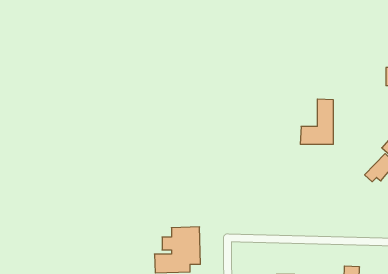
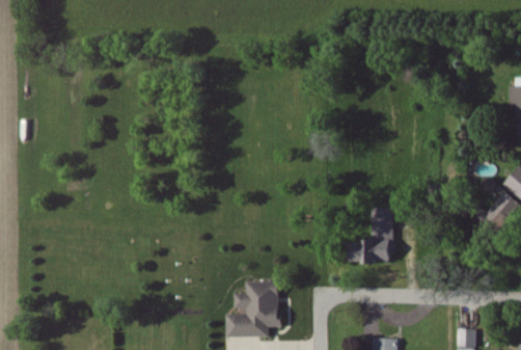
building: [300,99,333,144] -> [353,207,393,262]

